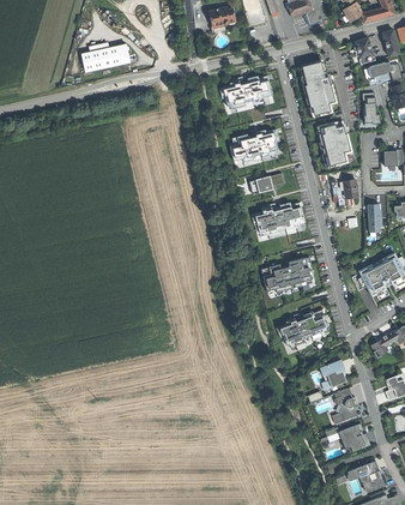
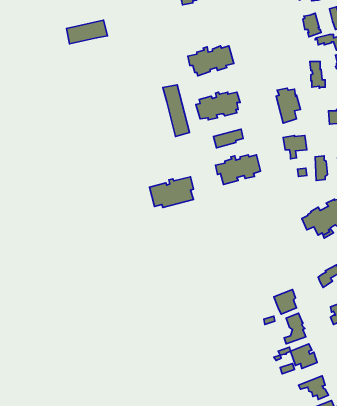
building: [303,61,336,115] -> none
building: none -> [163,85,189,136]
building: [261,257,313,293] -> [149,177,194,208]
building: [277,309,331,348] -> none

